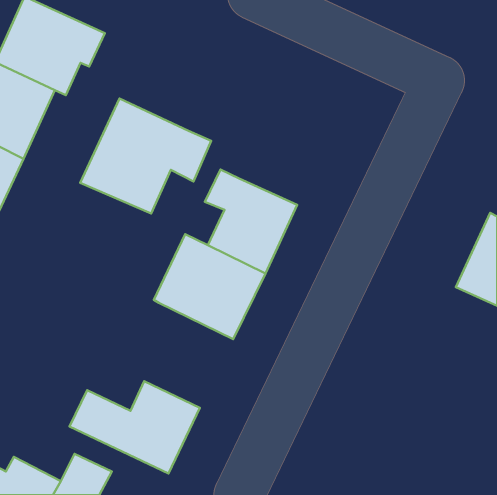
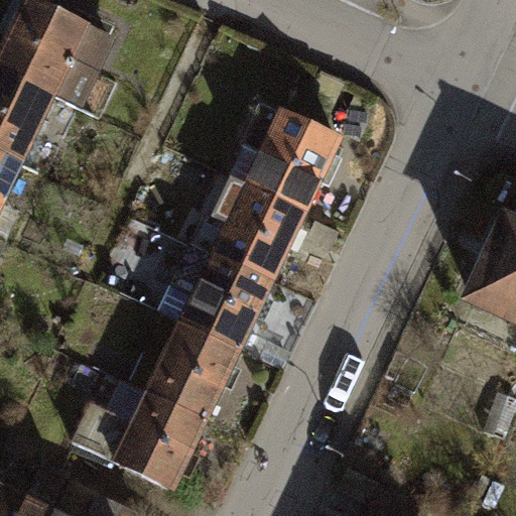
building: [80,99,211,214] -> none
building: none -> [243,104,339,211]
building: none -> [129,311,240,419]

